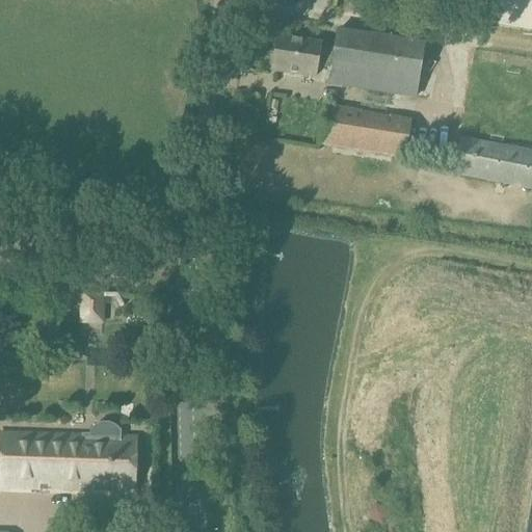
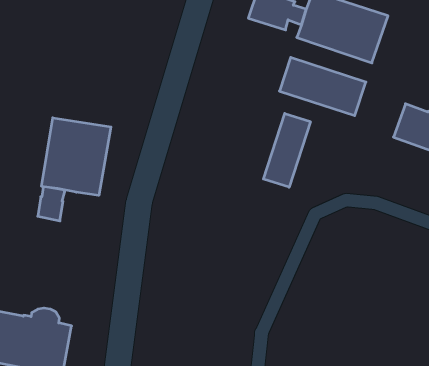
building: none -> [263,113,310,187]
building: none -> [42,118,111,195]

